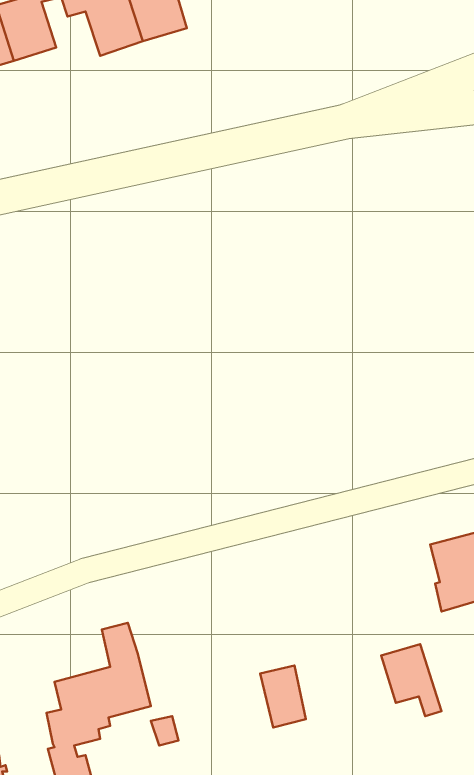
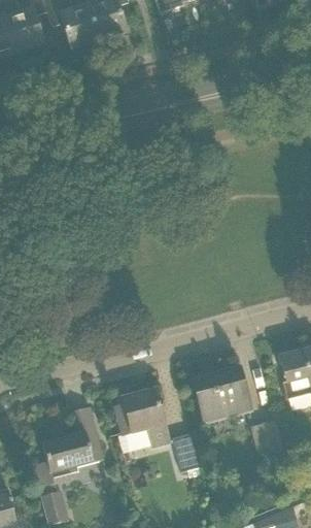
building: none -> [193,365,250,423]
building: none -> [114,387,169,446]

